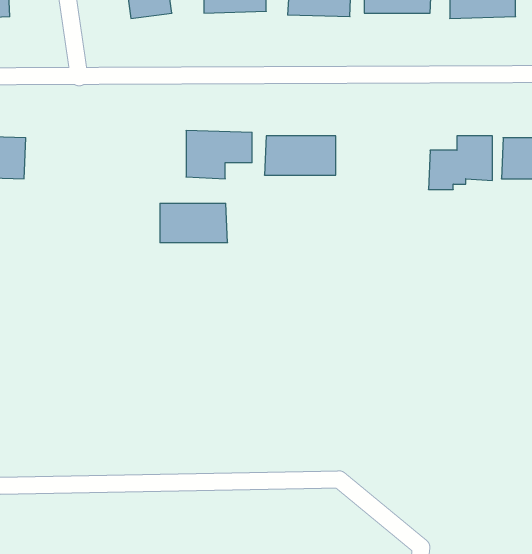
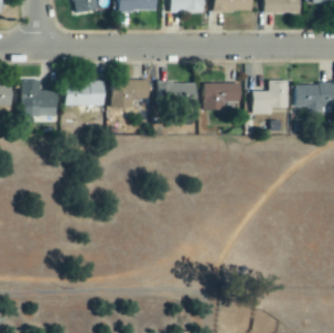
building: none -> [16,77,55,115]
building: none -> [201,82,240,110]
building: [160,203,228,243] -> [62,82,101,104]

